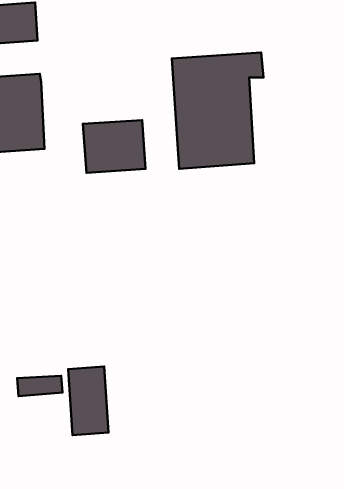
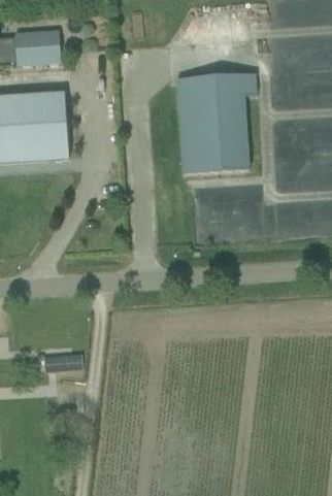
building: [83,120,146,173] -> none
building: [68,366,108,435] -> none

